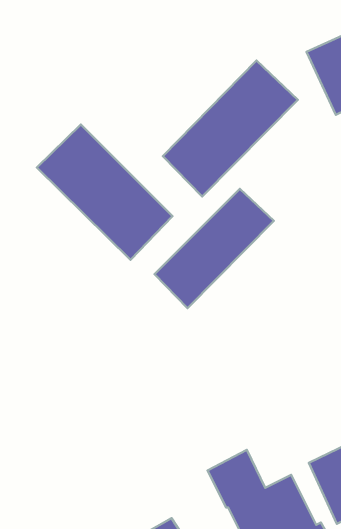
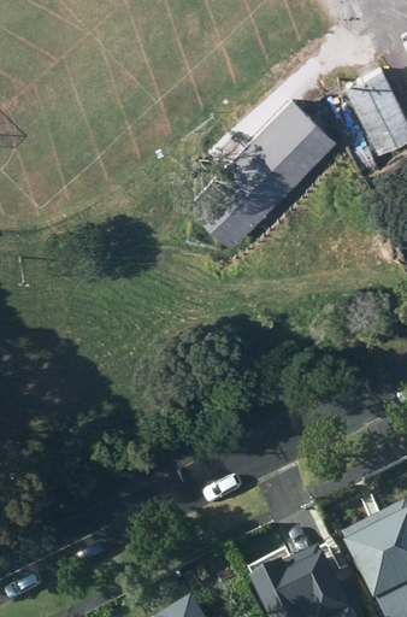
building: [37,124,172,260] -> none
building: [155,189,274,308] -> none

